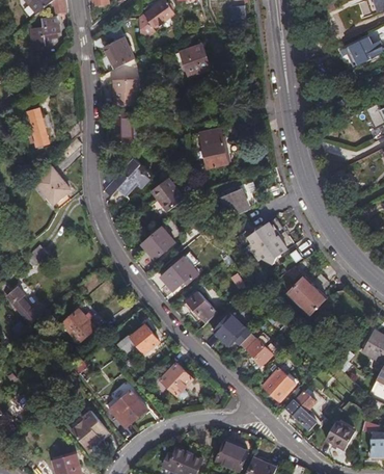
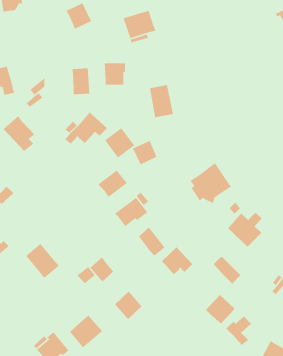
building: [113,78,138,104] -> [104,63,126,85]
building: [220,189,249,218] -> [132,140,158,166]
building: [241,332,273,364] -> [213,256,241,284]

